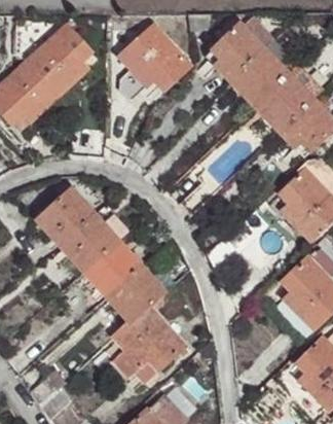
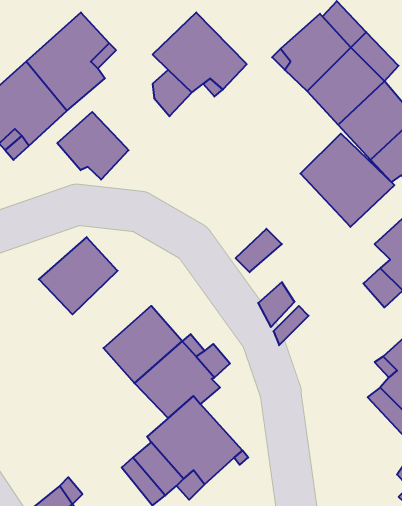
building: none -> [57,112,129,180]
building: none -> [300,134,394,227]
building: [60,214,117,271] -> none

